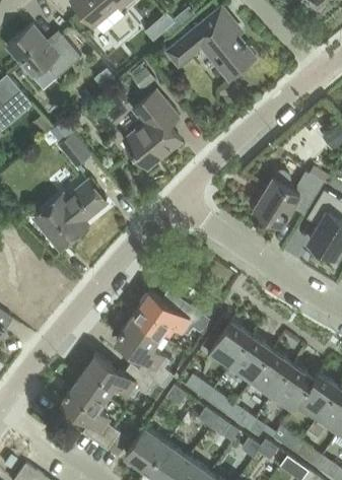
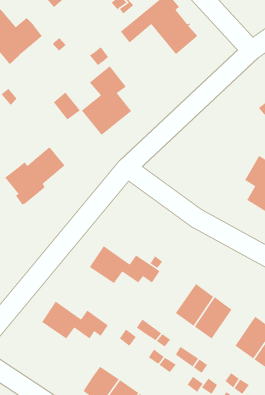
building: [58,133,89,165] -> [53,91,81,120]
building: [255,169,323,224] -> none
building: [202,315,252,368] -> none
building: [116,317,173,387] -> none
building: [270,364,314,412] -> none
building: [61,379,120,450] -> none

